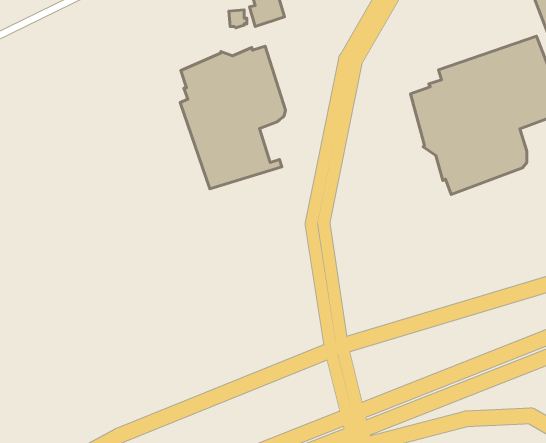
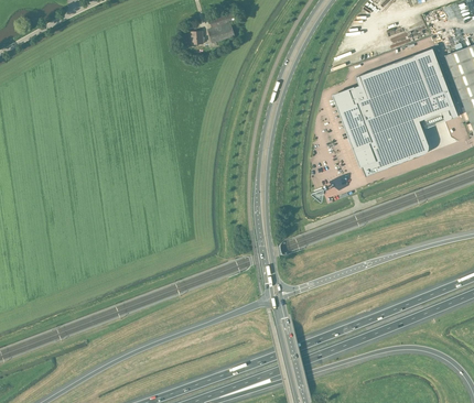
building: [180,46,285,189] -> none

